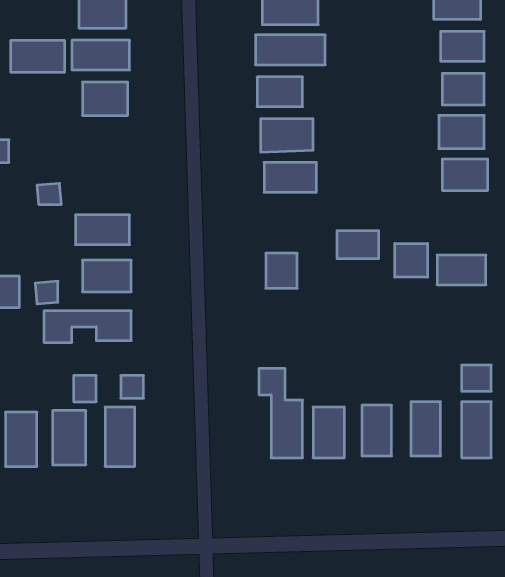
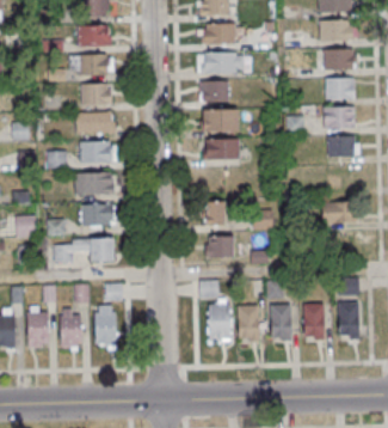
building: [11,41,65,72] -> [76,114,113,135]
building: none -> [80,142,112,164]
building: [337,231,379,259] -> [205,237,234,256]
building: [395,243,428,277] -> none

